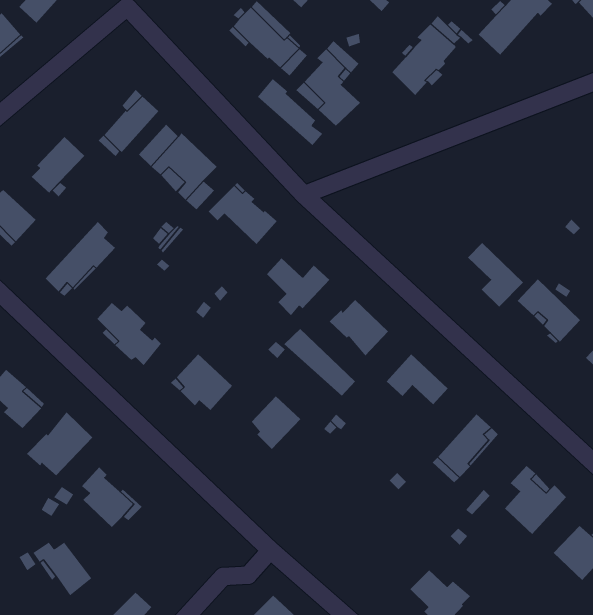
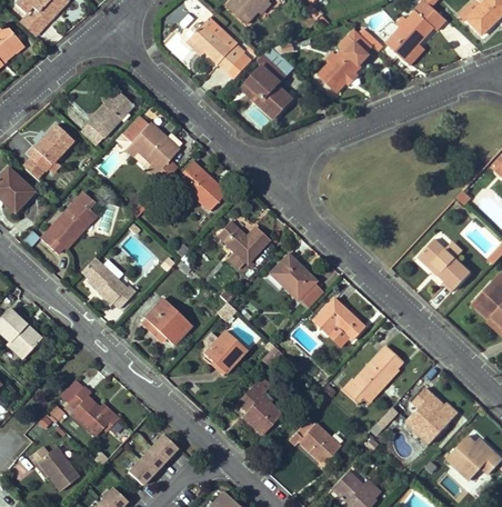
building: [257,78,323,146] -> none
building: [467,242,524,307] -> none
building: [284,328,356,396] -> none
building: [26,411,93,476] -> none
building: none -> [239,376,281,433]
building: none -> [290,417,340,464]
building: none -> [129,436,175,484]

